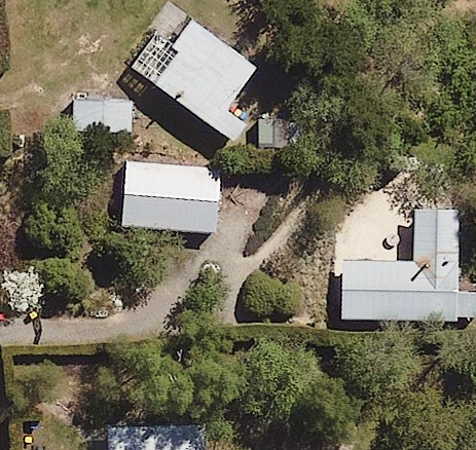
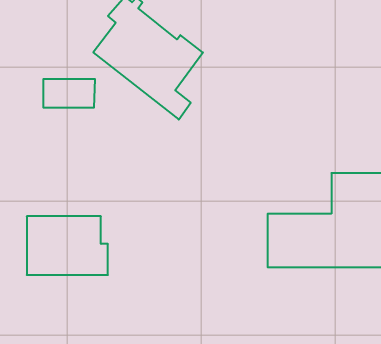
building: [121,161,218,231] -> [27,216,108,275]

